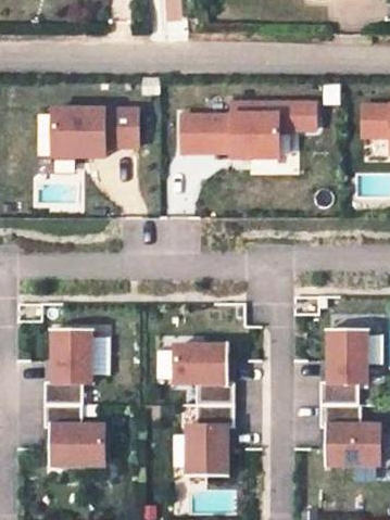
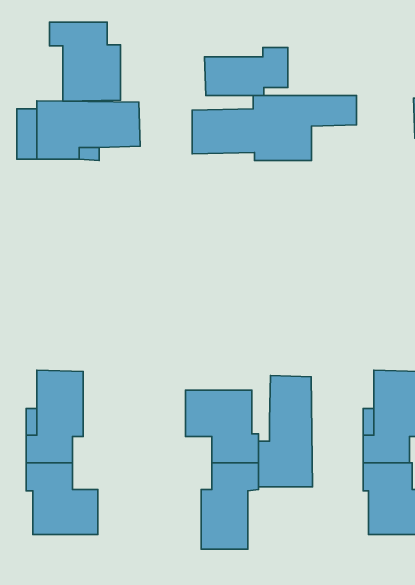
building: none -> [50,22,120,101]
building: none -> [205,48,288,96]
building: none -> [258,376,312,487]

